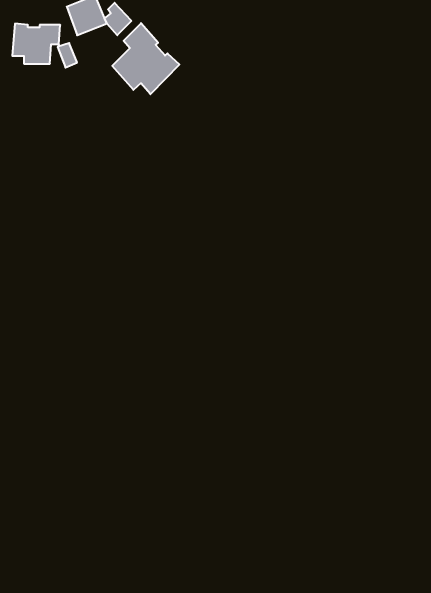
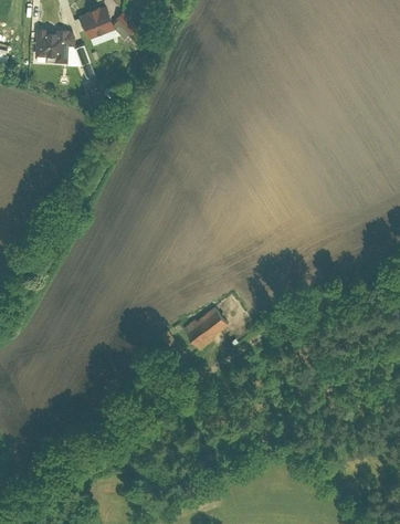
building: [112,23,179,94] -> none
building: none -> [180,305,225,350]

